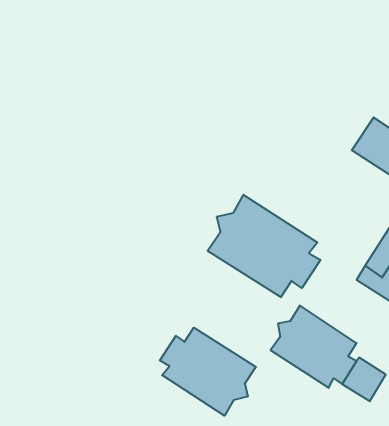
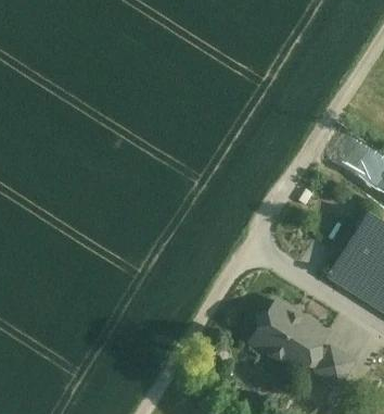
building: [208,195,320,297] -> none
building: [160,328,256,416] -> none

